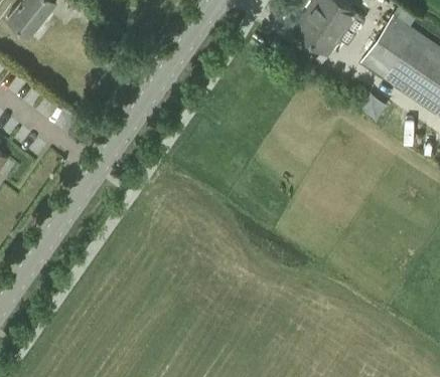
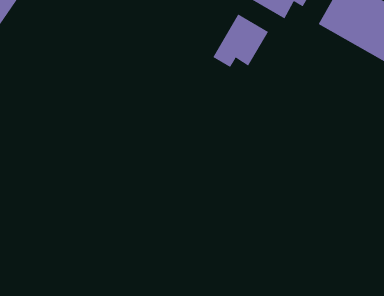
building: none -> [213,14,269,68]

